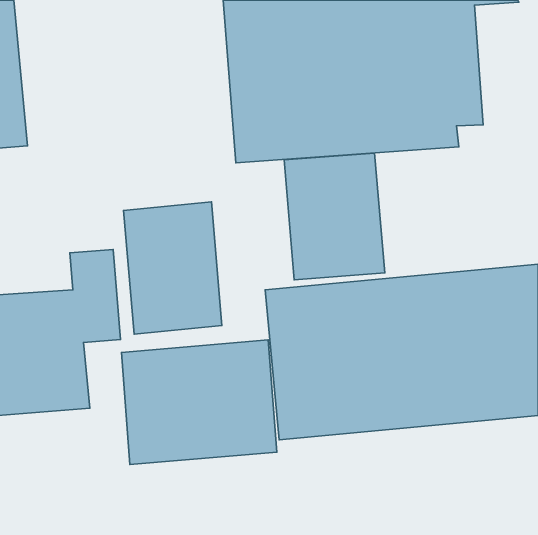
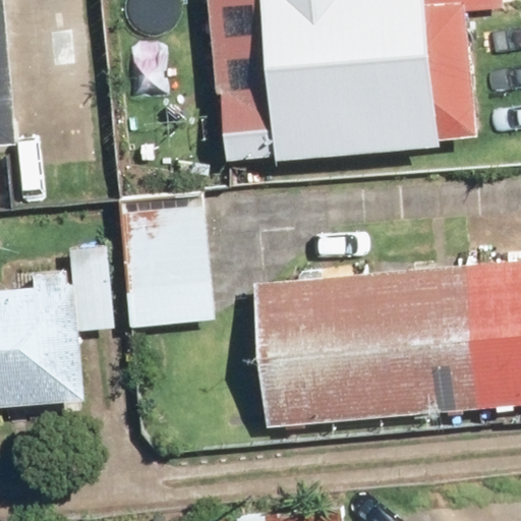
building: [284,153,385,280] -> none
building: [122,340,277,465] -> none

